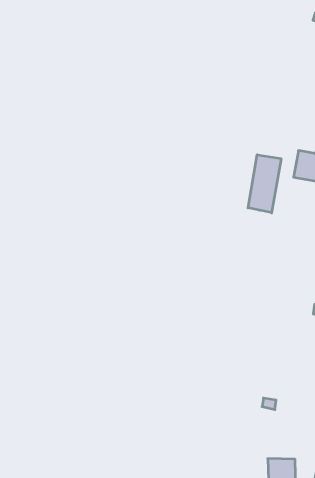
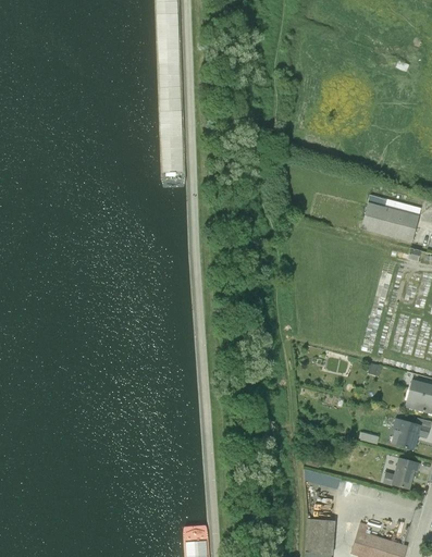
building: [248,155,281,213] -> none

